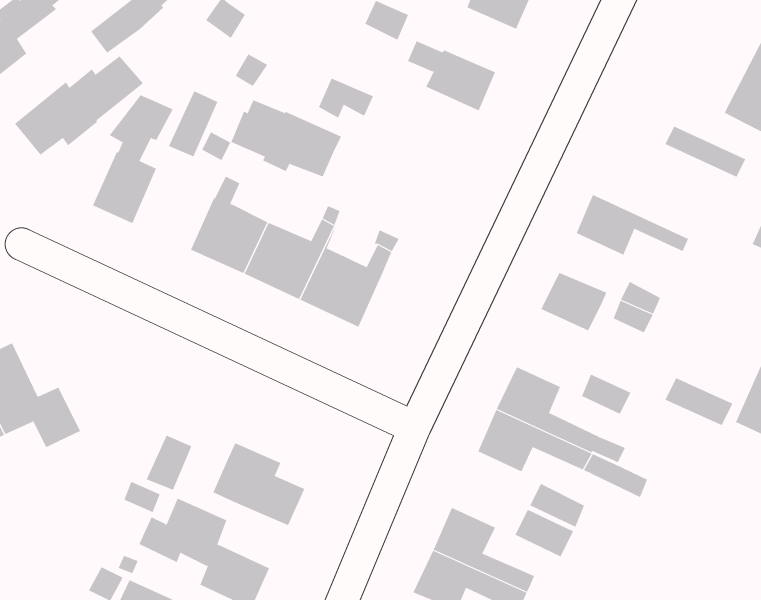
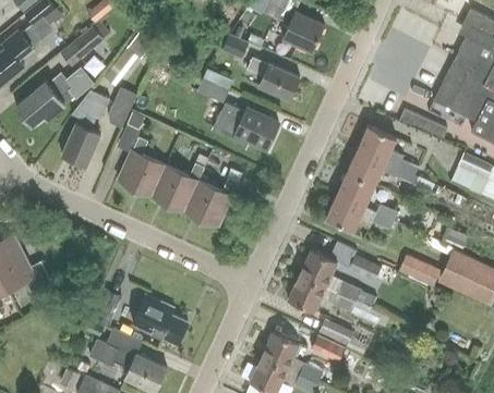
building: [231,100,342,177] -> [213,103,278,149]
building: none -> [357,127,418,175]
building: none -> [337,172,375,207]

